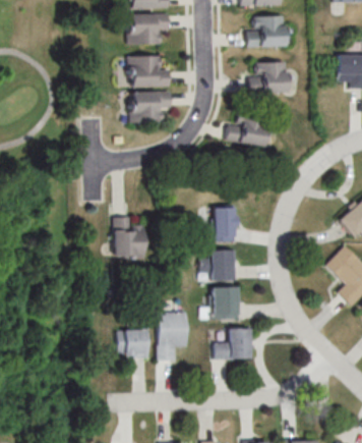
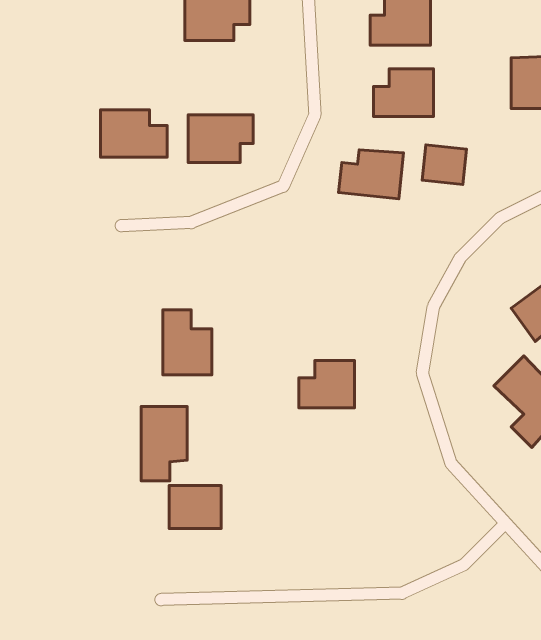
building: [128,56,171,87] -> [100,110,167,157]
building: none -> [422,145,466,184]
building: [215,206,238,241] -> none
building: [203,288,240,319] -> none
building: [158,312,187,359] -> [141,406,187,481]
building: [215,329,254,359] -> none

